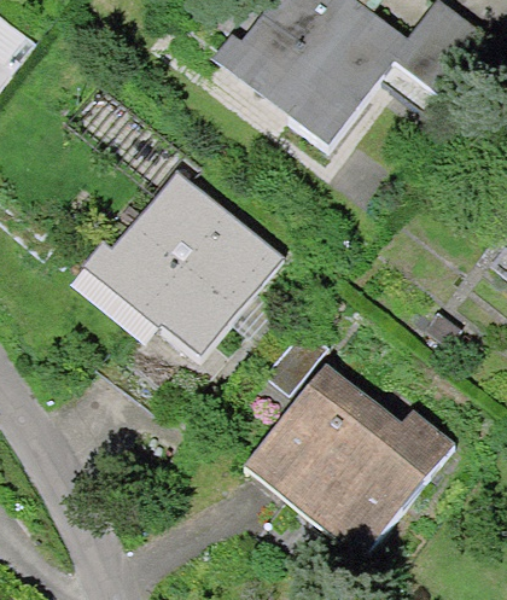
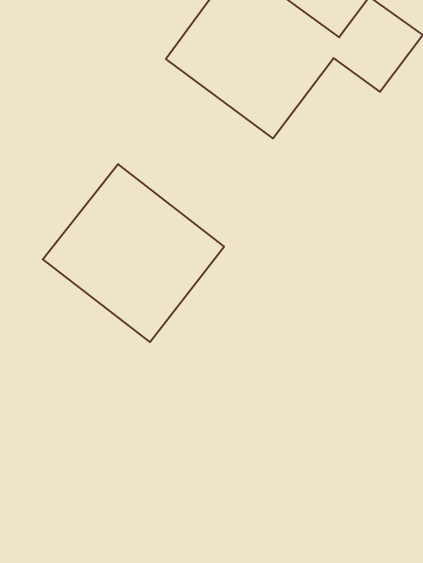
building: [238,354,436,547] -> none

